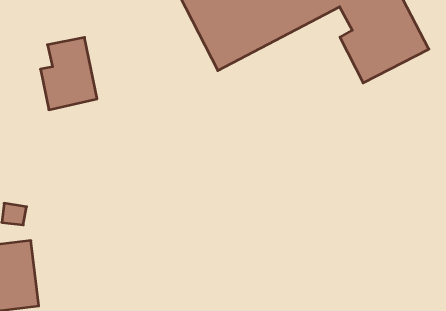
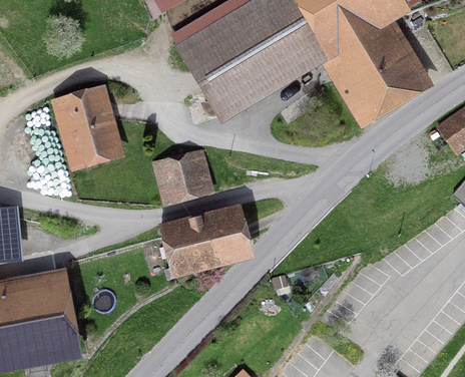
building: none -> [158,151,210,199]
building: none -> [161,206,248,279]

